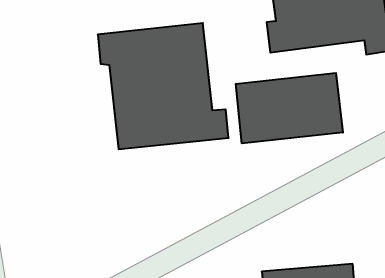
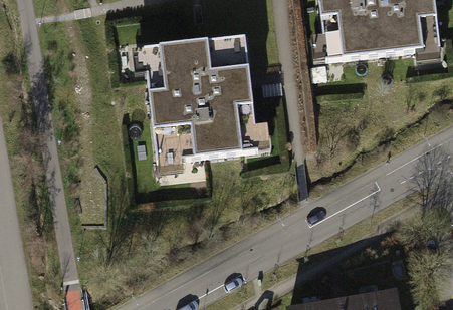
building: [236,73,343,143] -> none

